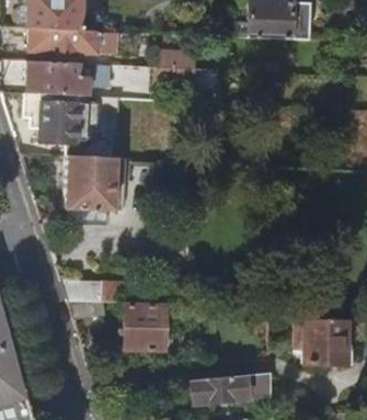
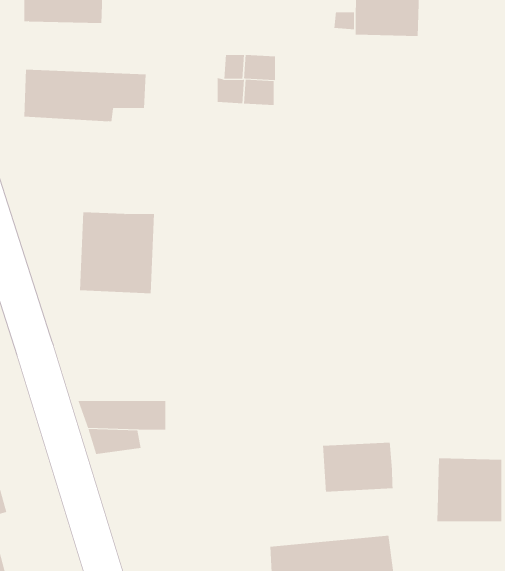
building: [31,29,117,54] -> none
building: [25,92,96,157] -> none
building: [125,304,164,350] -> none
building: none -> [323,442,393,492]

